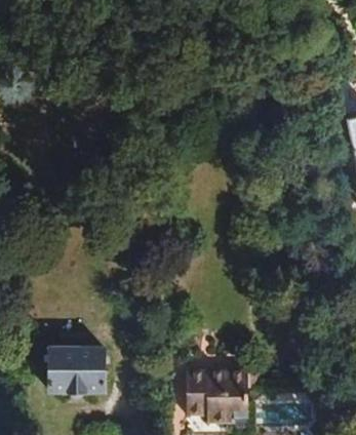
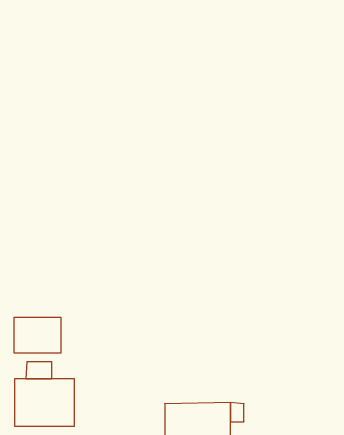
building: none -> [14,317,61,353]

